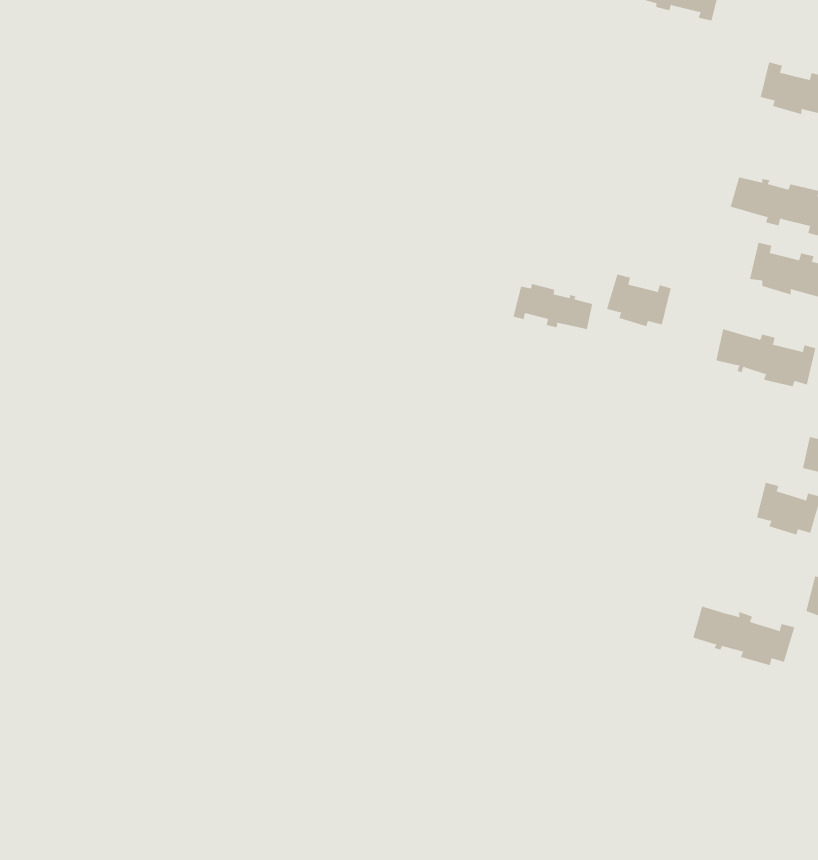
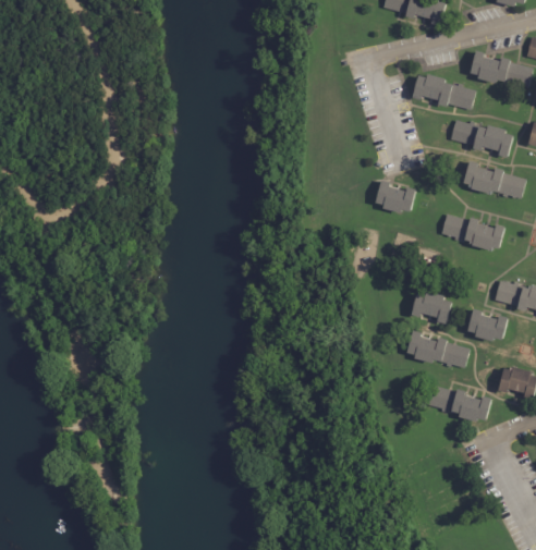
building: none -> [411,73,476,110]
building: [513,283,593,330] -> none
building: none -> [412,289,452,321]
building: none -> [406,330,470,367]

